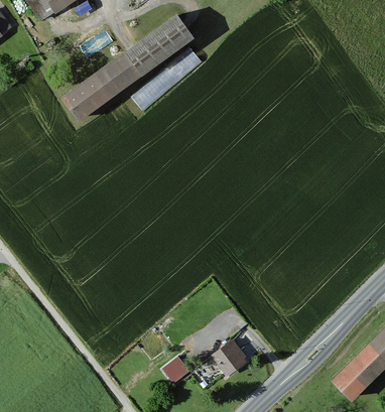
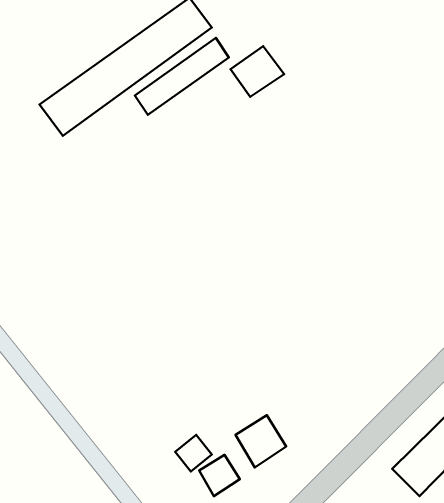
building: none -> [231,46,284,97]
building: none -> [199,455,240,496]

